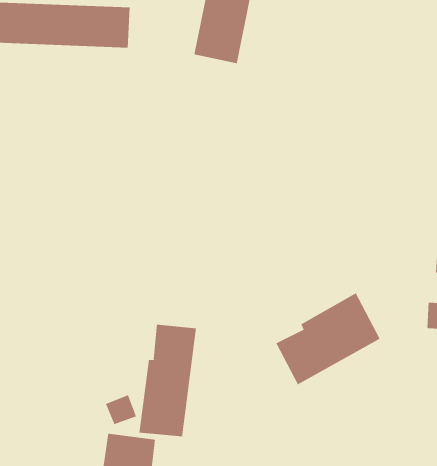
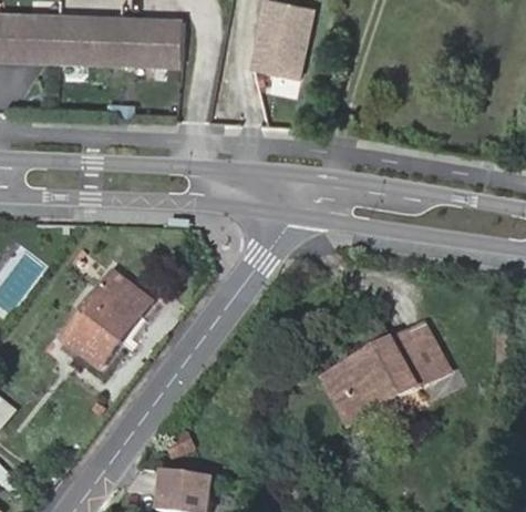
building: none -> [61,270,149,366]
building: [139,324,196,437] -> none
building: none -> [322,355,367,426]

